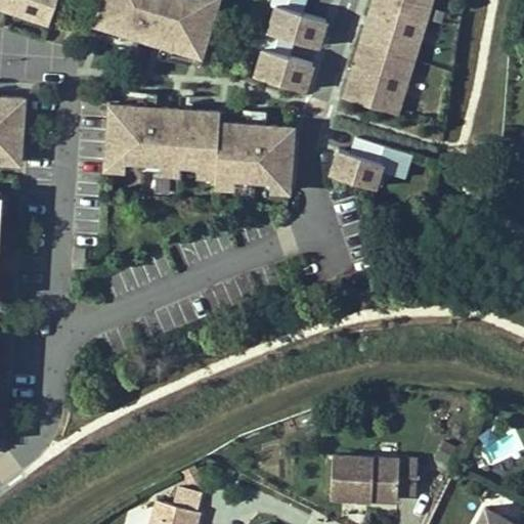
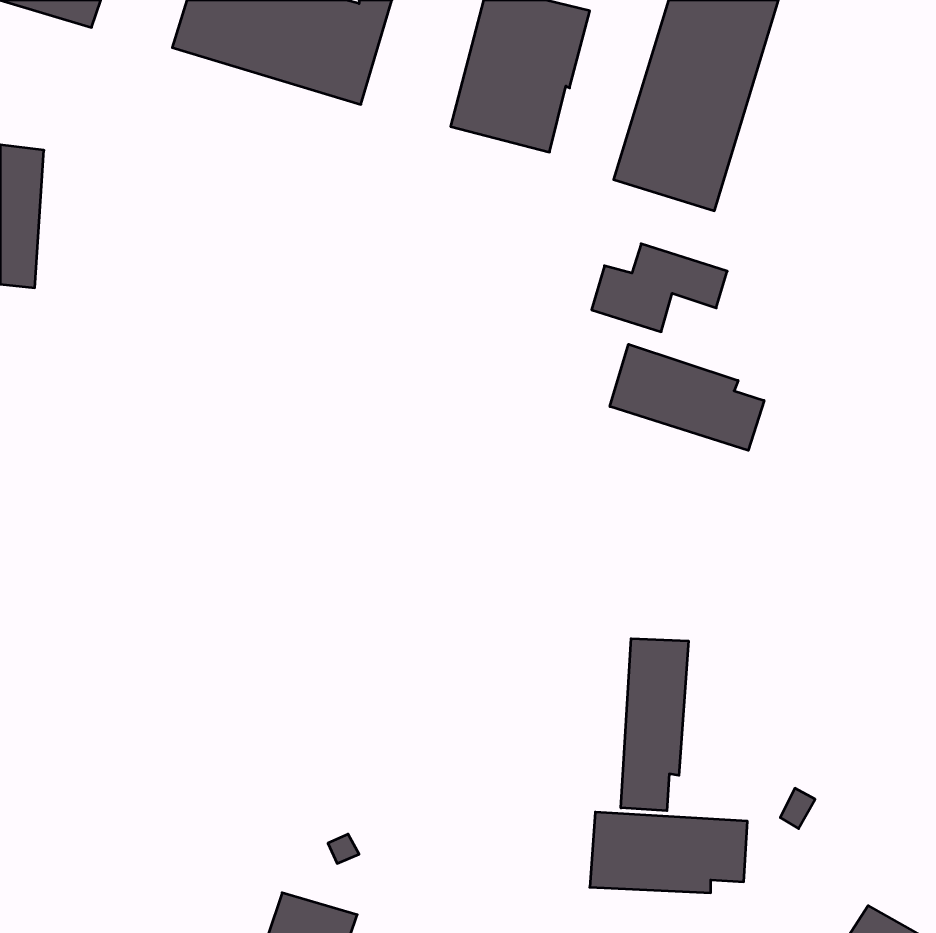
building: [104,92,293,191] -> none
building: none -> [610,344,764,450]
building: none -> [621,639,688,811]

